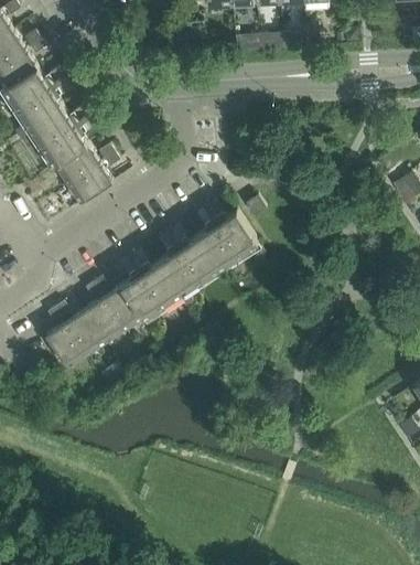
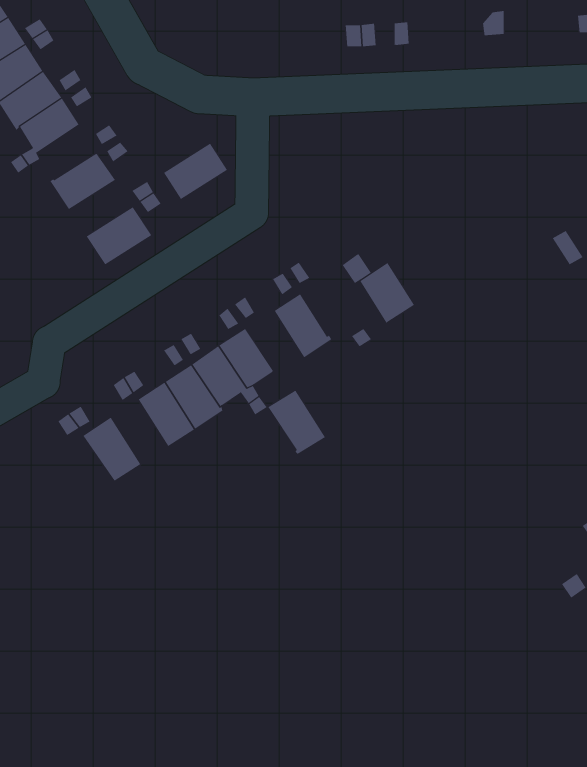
building: [32,106,74,145] -> none
building: [54,145,99,184] -> [163,143,228,200]
building: [216,211,255,254] -> [359,262,415,324]
building: [177,236,218,281] -> [267,390,326,455]
building: [84,298,123,343] -> none
building: [45,323,86,369] -> none

